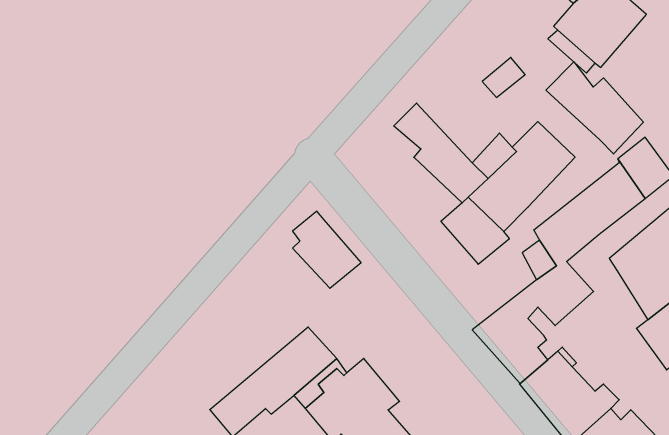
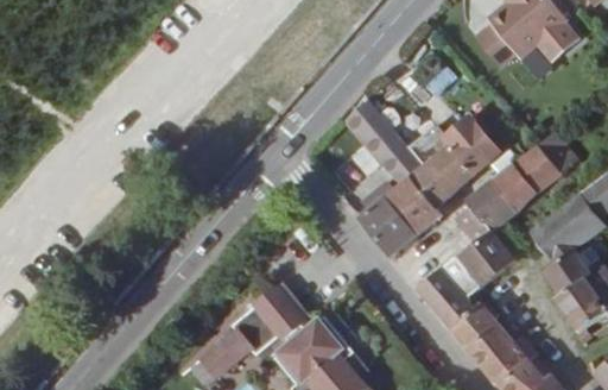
building: [546,62,643,154] -> none
building: [293,211,361,288] -> [361,193,418,257]

